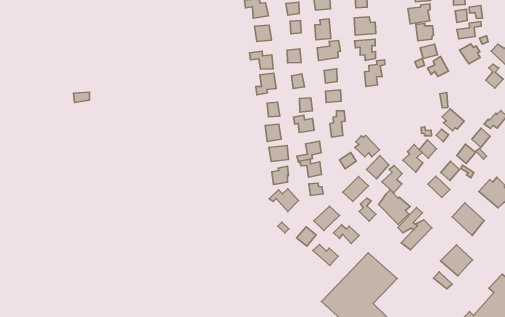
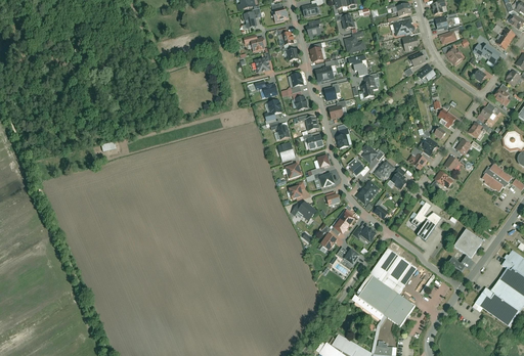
building: [378,190,410,225] -> none
building: [452,203,484,235] -> none

